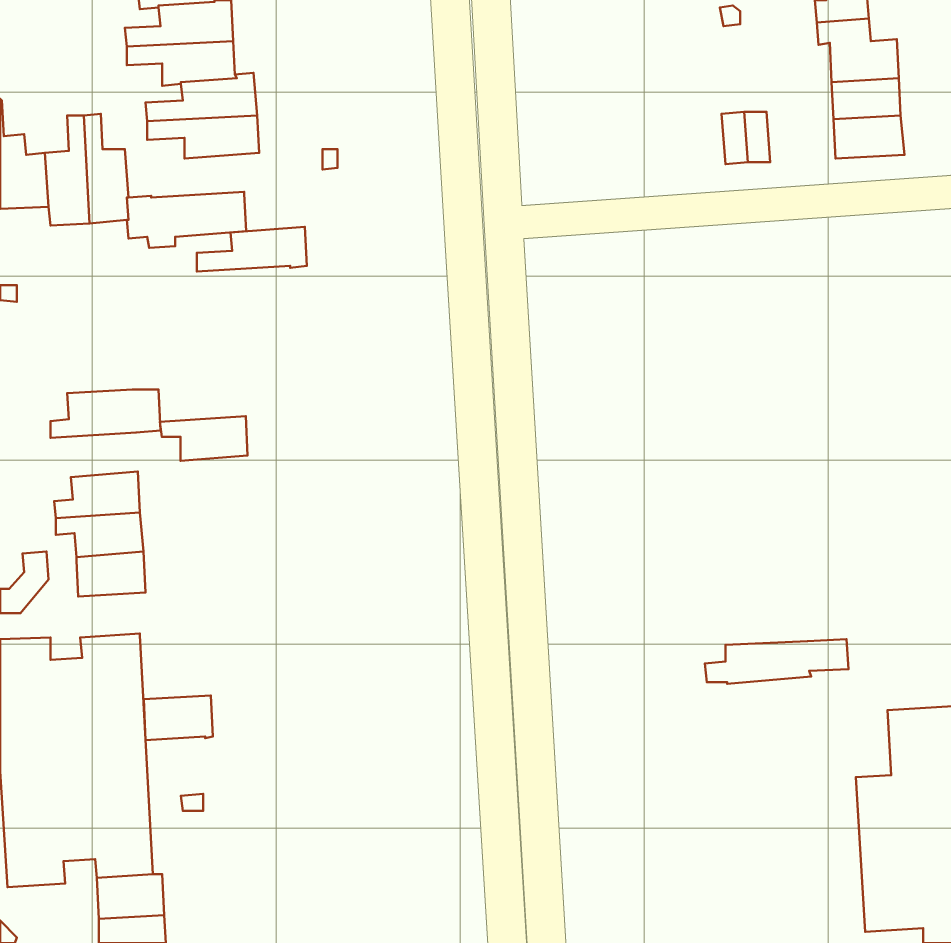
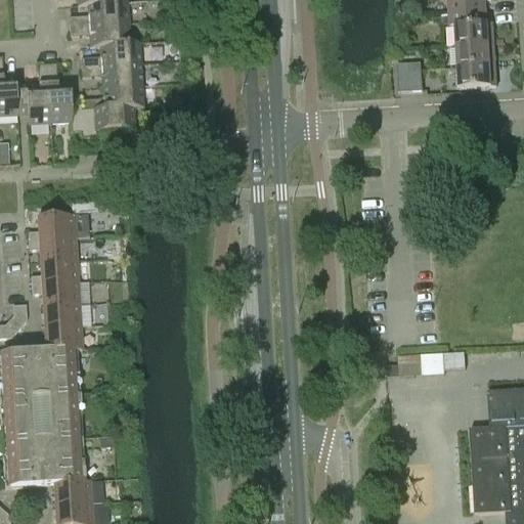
building: [197,227,307,271] -> [84,84,144,108]
building: [160,416,248,461] -> [29,237,77,262]
building: [144,695,213,740] -> [44,325,82,350]

